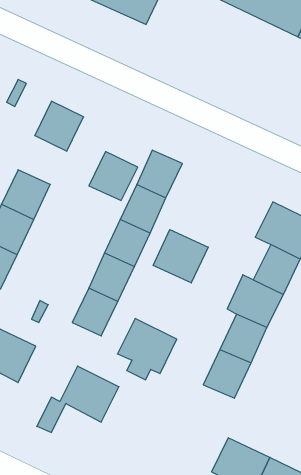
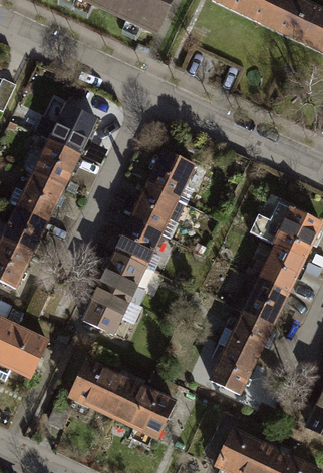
building: [89,152,138,200] -> [32,137,79,184]
building: [153,230,208,283] -> none
building: [117,319,177,380] -> [112,380,170,439]

